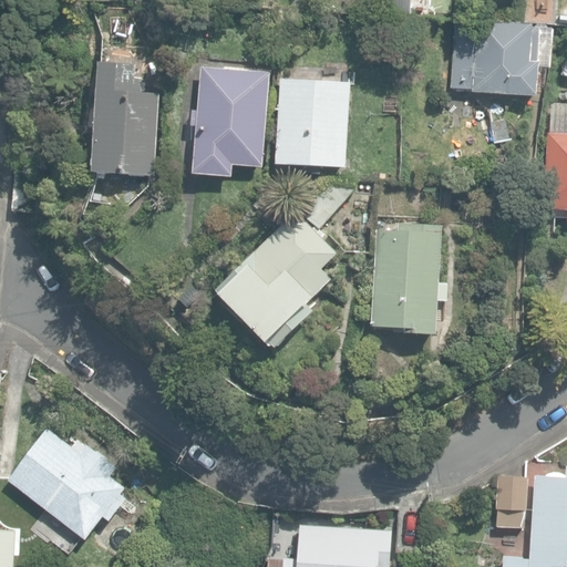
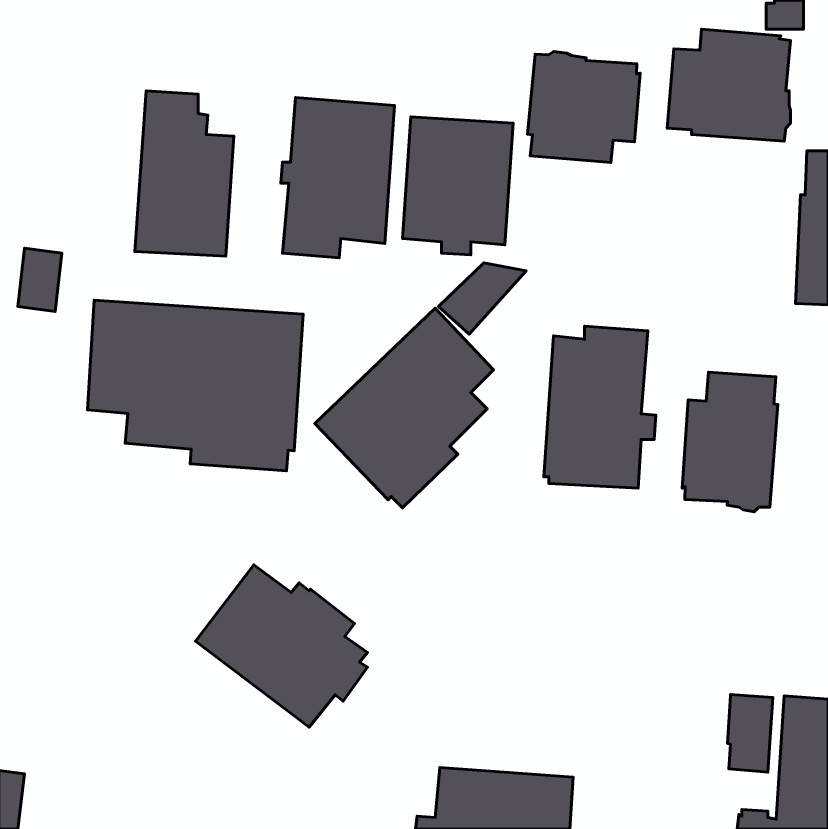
building: none -> [528,51,640,163]
building: none -> [87,300,303,471]
building: none -> [682,372,778,512]
building: [8,427,125,538] -> [195,565,367,727]

